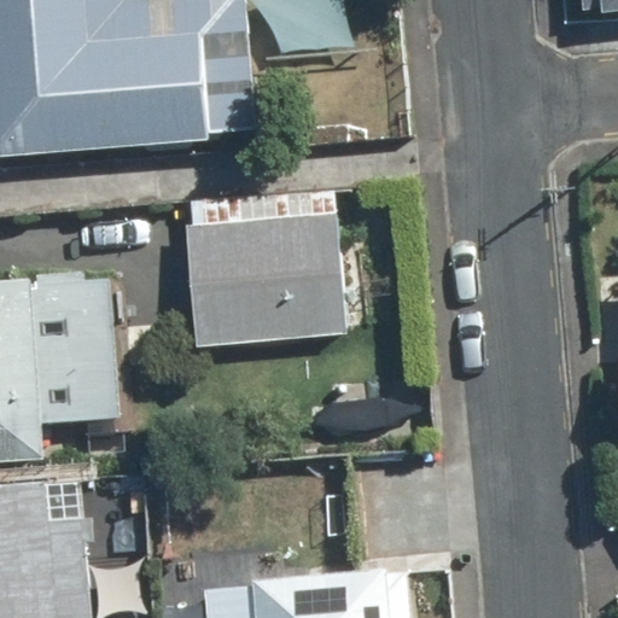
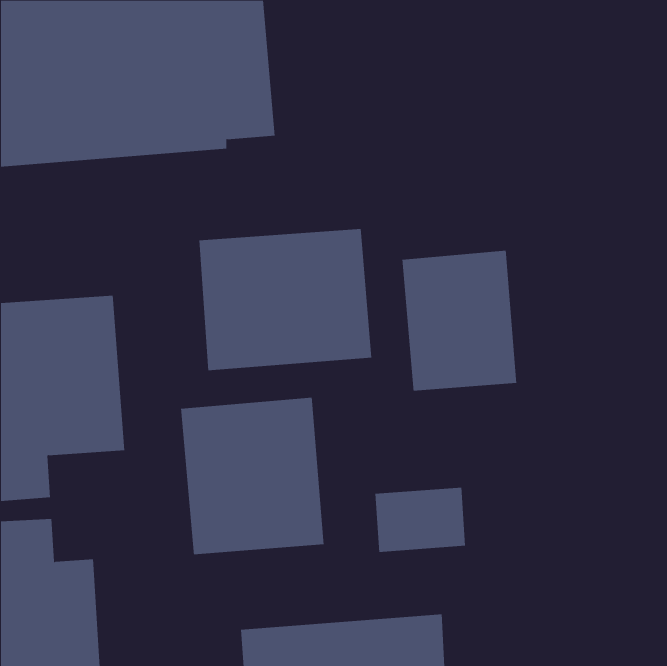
building: none -> [402,250,517,392]
building: none -> [180,397,324,555]

